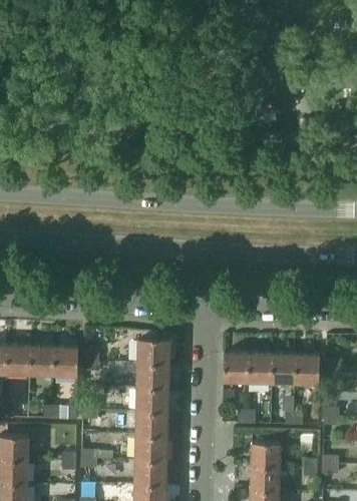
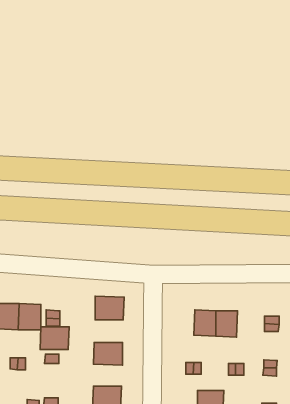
building: [224,353,249,382] -> none
building: [295,355,320,384] -> none
building: [137,365,169,390] -> [40,327,69,350]
building: [136,414,168,438] -> none

